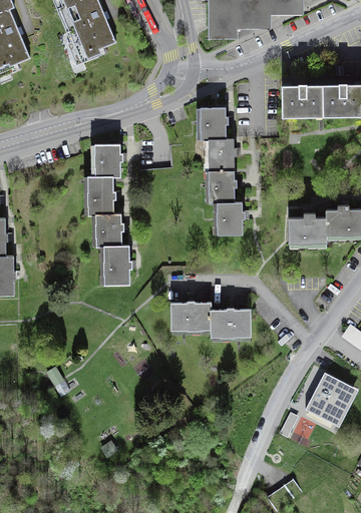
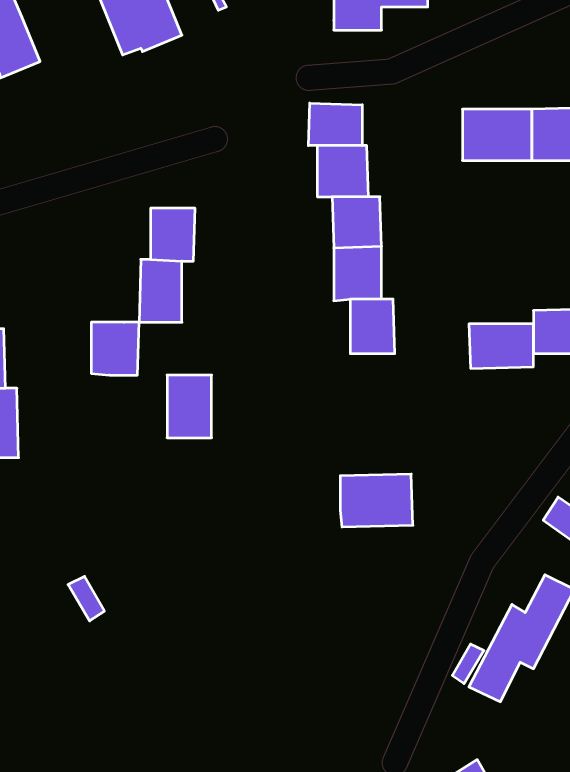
building: none -> [308,103,362,146]
building: [94,215,123,247] -> [91,322,139,375]
building: [173,305,211,330] -> none

